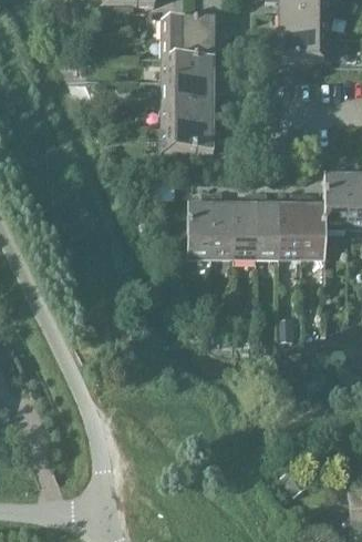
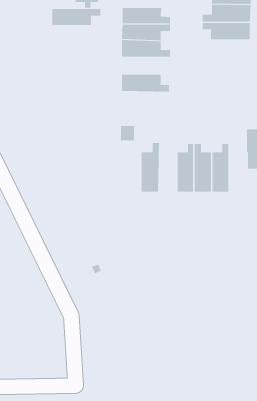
building: [162,81,226,103] -> [51,8,101,25]
building: [162,125,225,150] -> none
building: [210,192,234,256] -> none
building: [301,193,324,257] -> none

